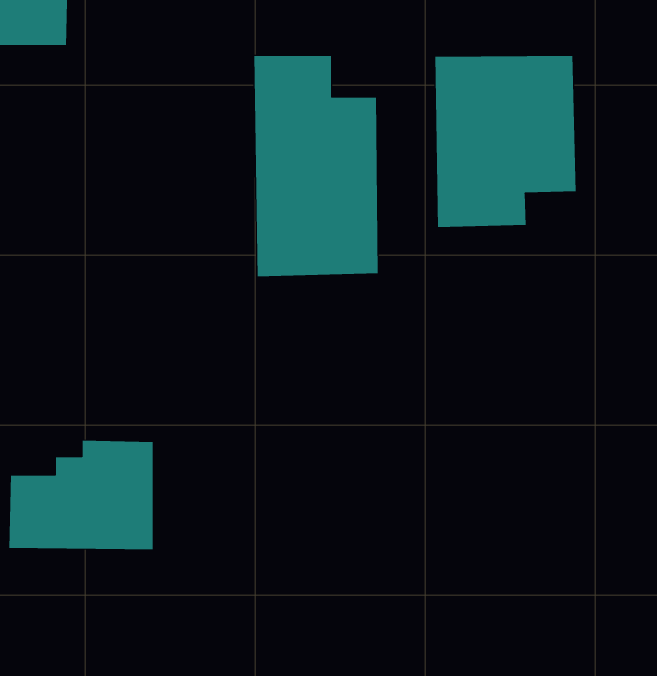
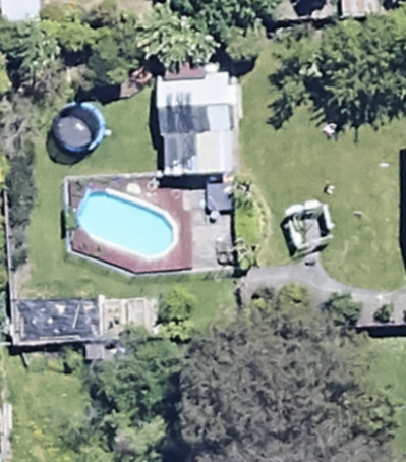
building: [435,55,576,228] -> none

